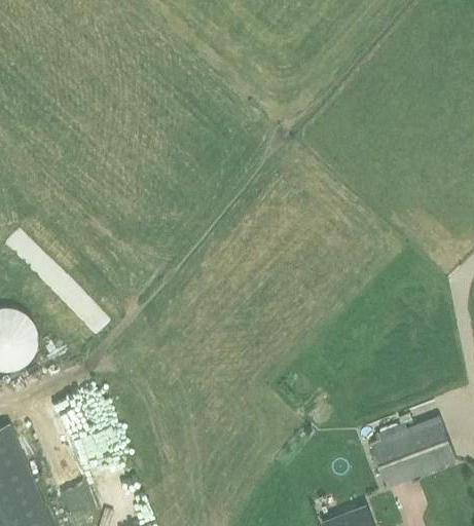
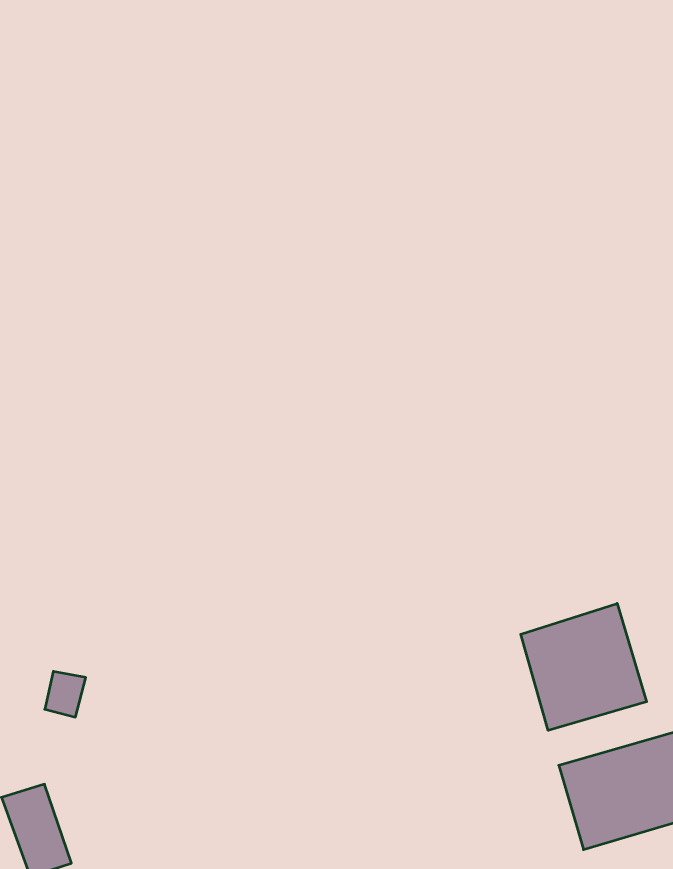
building: none -> [521,603,647,730]

